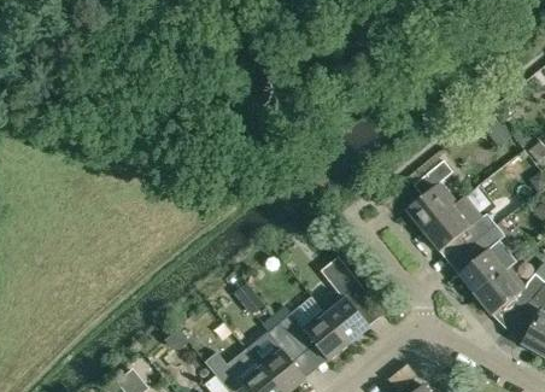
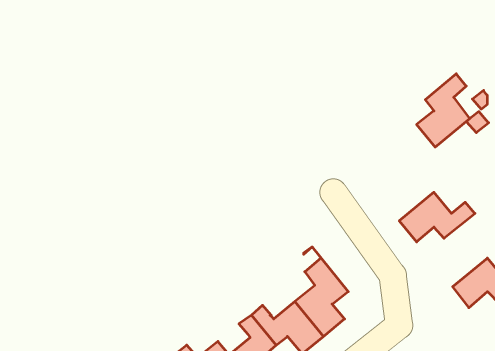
building: [405,160,457,232] -> [417,74,470,147]
building: [458,224,509,296] -> none

